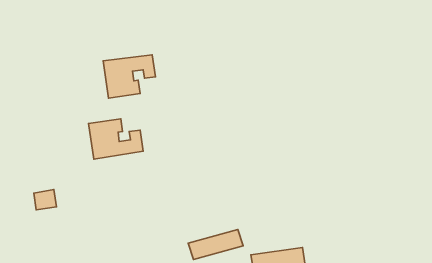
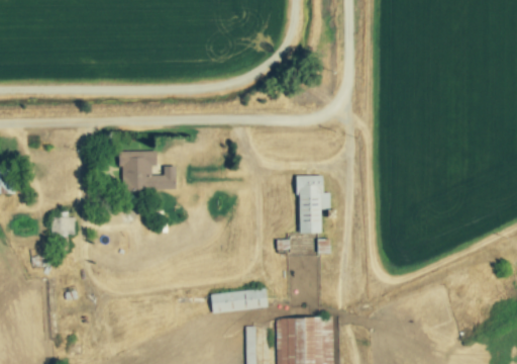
building: [103,55,155,98] -> none
building: none -> [298,175,329,234]

